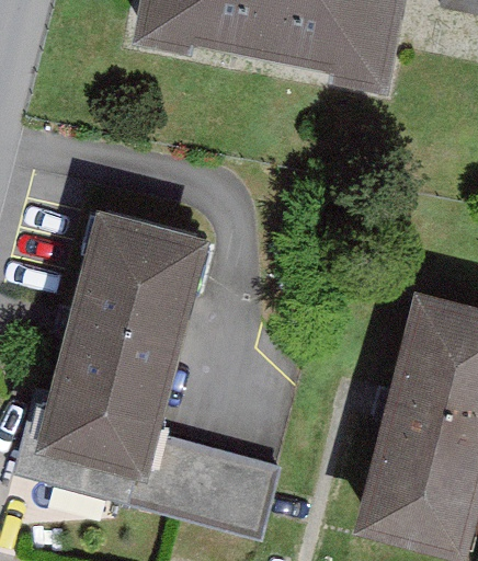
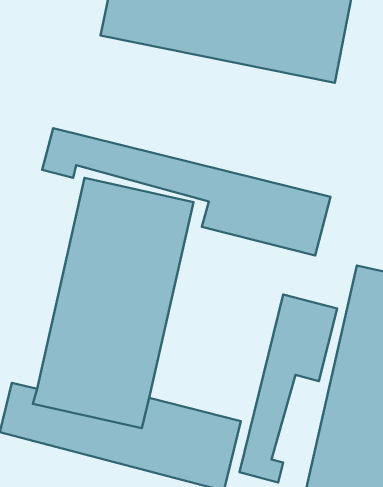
building: none -> [42,128,331,255]
building: none -> [240,294,337,482]

